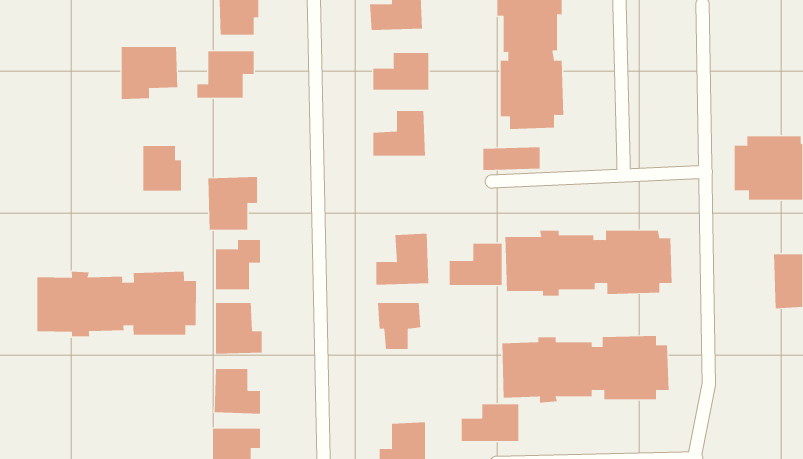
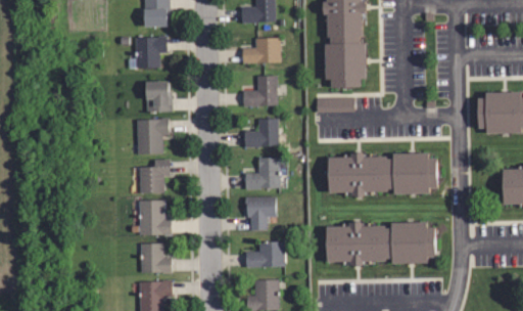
building: [121,46,178,100] -> none
building: [143,146,182,191] -> [145,82,171,112]
building: [449,243,502,286] -> [242,119,277,146]
building: [37,271,197,337] -> none
building: [461,404,519,442] -> [245,243,283,268]

